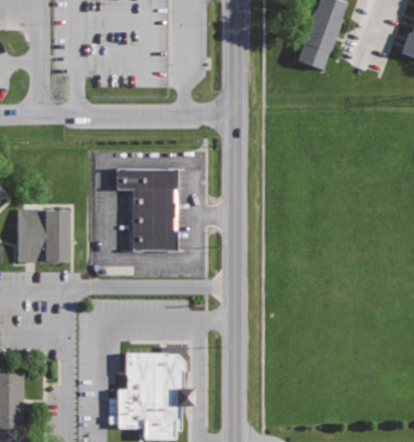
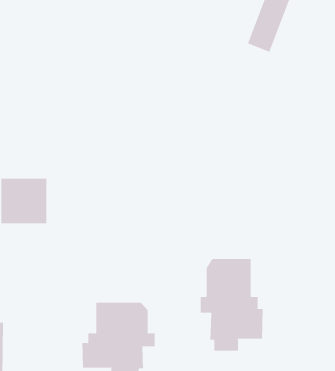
building: [117,169,178,251] -> none
building: none -> [200,258,263,351]

